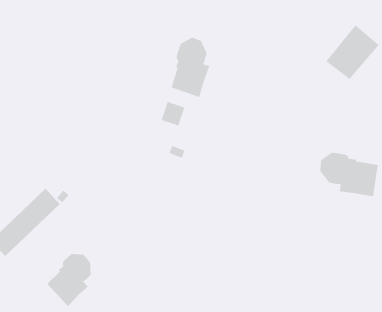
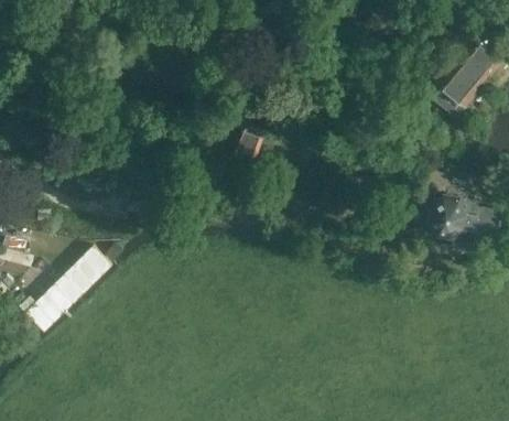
building: [171,37,210,98] -> none
building: [47,253,91,307] -> none

